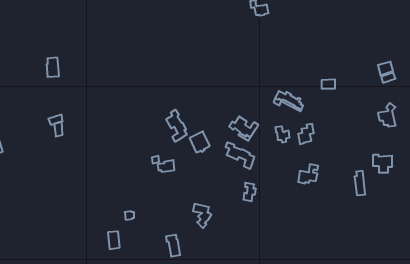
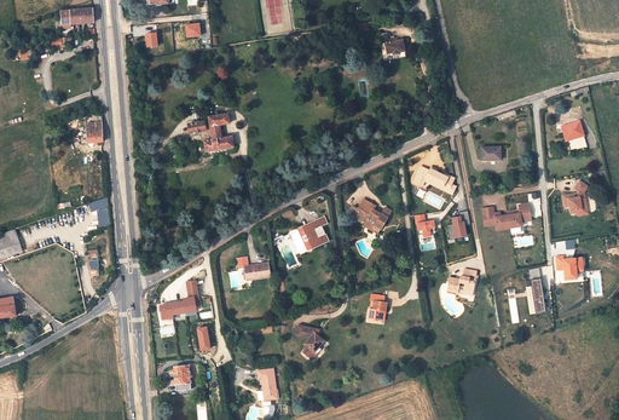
building: none -> [189,114,233,151]
building: [166,110,187,142] -> none
building: none -> [482,203,531,230]
building: [226,142,254,169] -> none
building: none -> [160,281,198,318]

